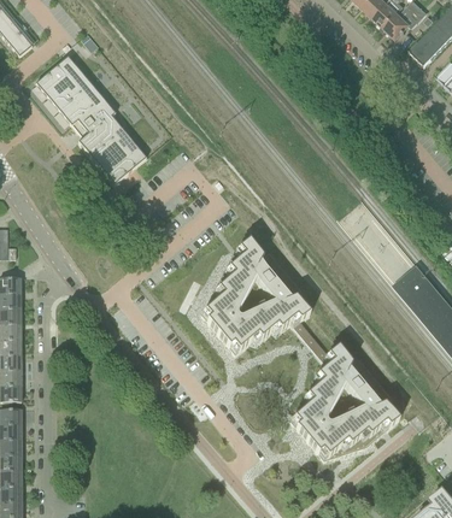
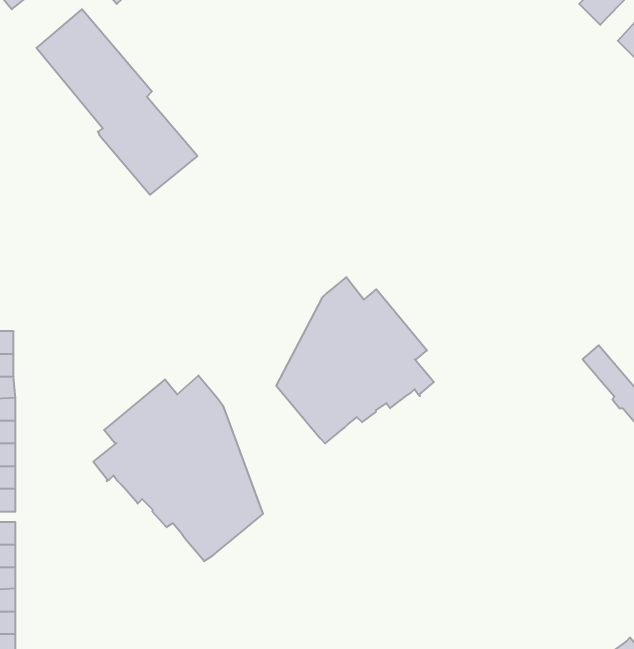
building: none -> [93,375,263,561]
building: [289,346,398,460] -> none

